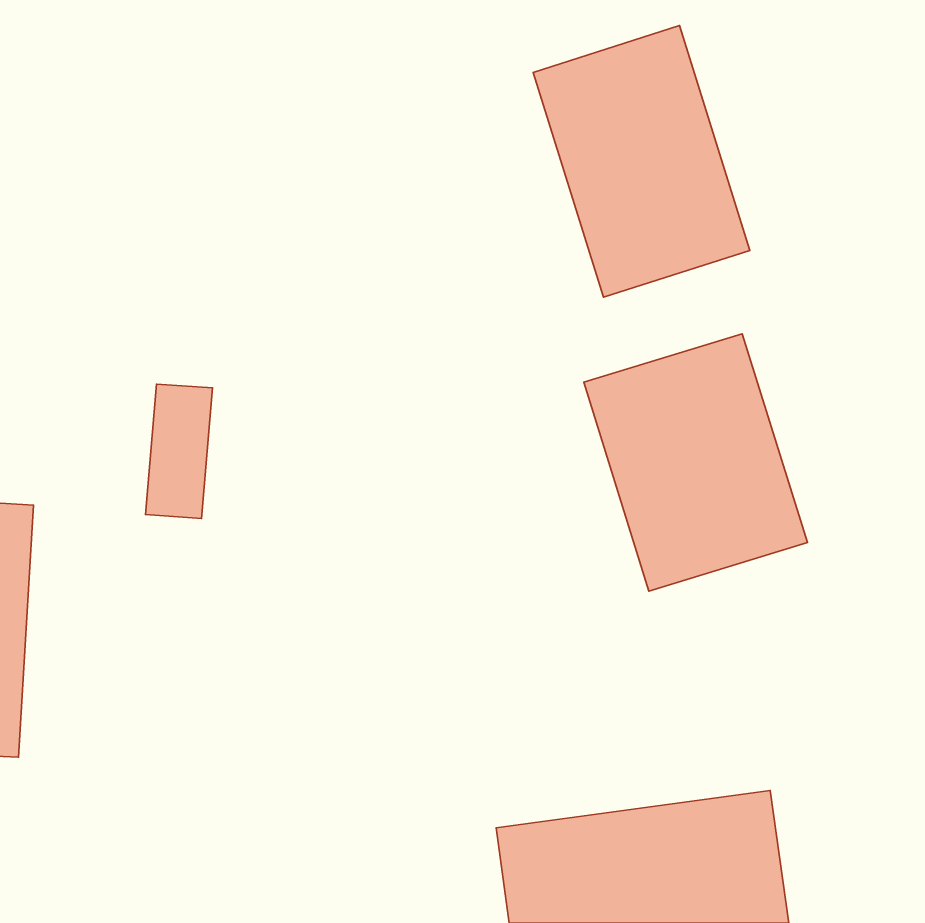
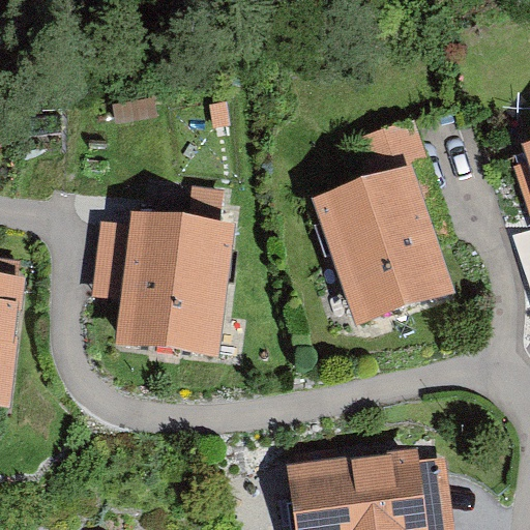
building: [533,26,750,297] -> none
building: none -> [124,227,230,367]

